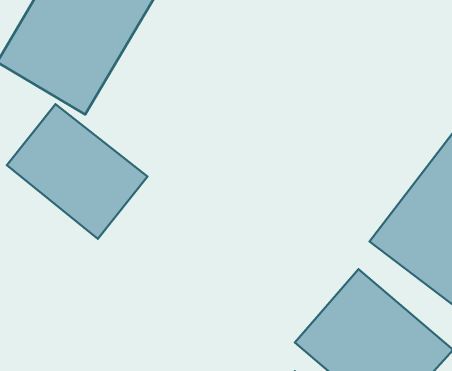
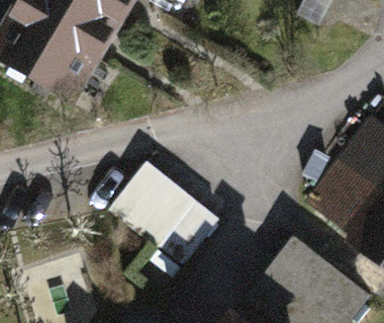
building: [7,104,148,239] -> [108,161,222,270]

